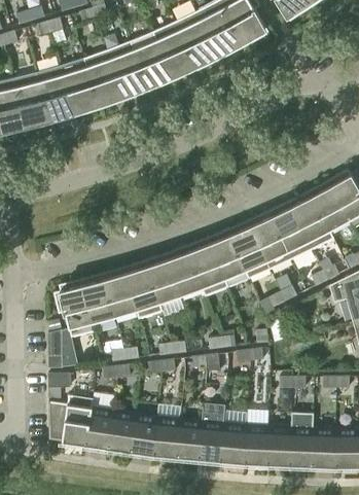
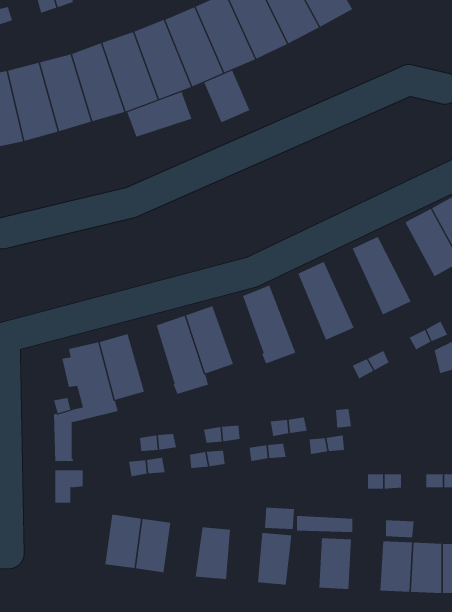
building: none -> [203,70,250,123]
building: none -> [127,91,192,137]
building: [288,192,334,251] -> none
building: [248,212,291,271] -> none
building: [208,231,249,289] -> none
building: [166,247,203,297] -> none
building: [103,269,137,318] -> none
building: [48,397,93,446] -> none
building: [130,415,157,455] -> none
building: [176,420,202,459] -> none
building: [220,424,246,463] -> none
building: [266,427,291,465] -> none

